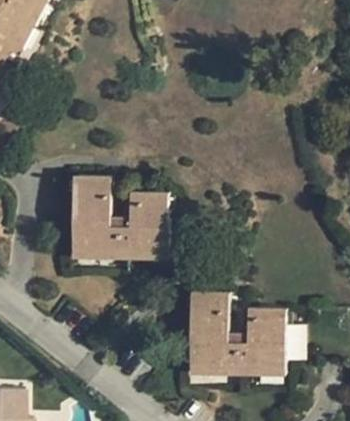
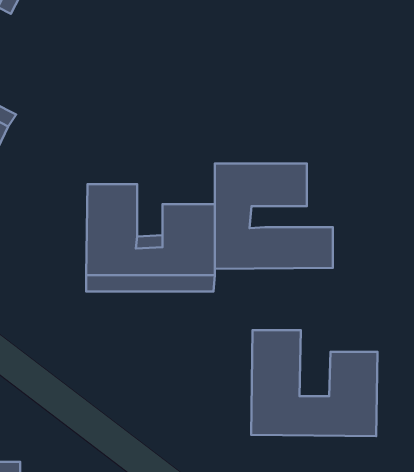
building: none -> [215,163,333,269]

